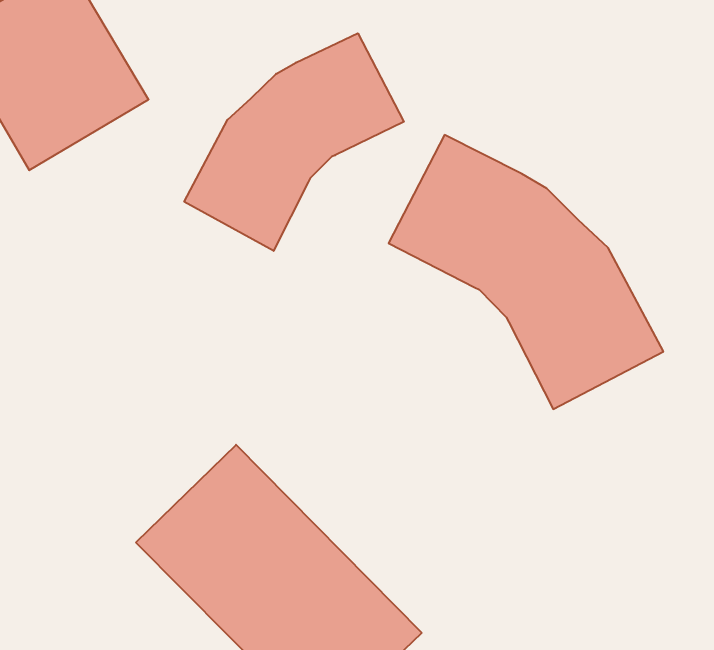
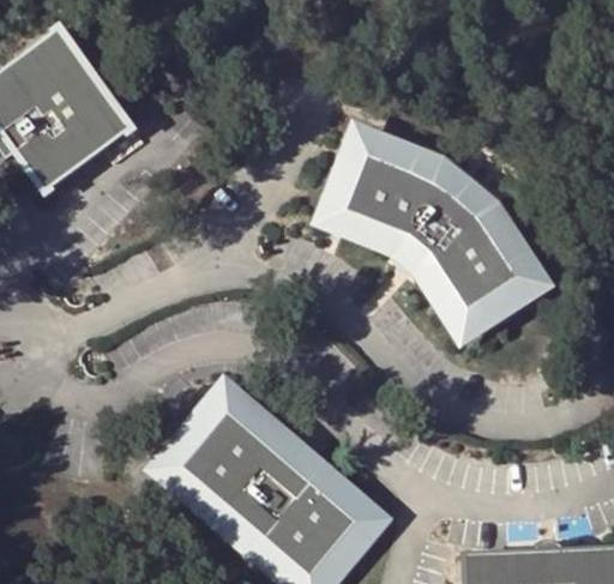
building: [184,33,404,251] -> none

